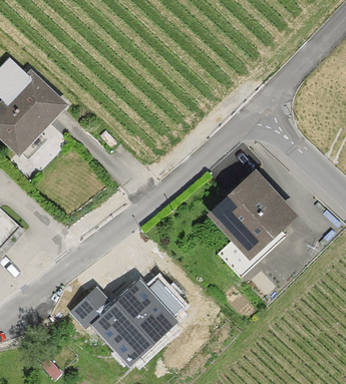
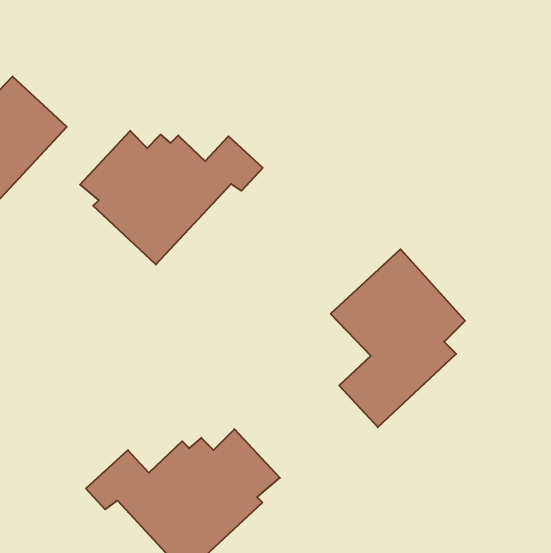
building: none -> [80,131,263,265]

